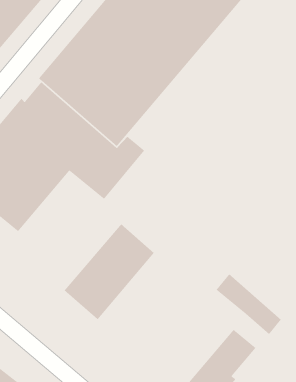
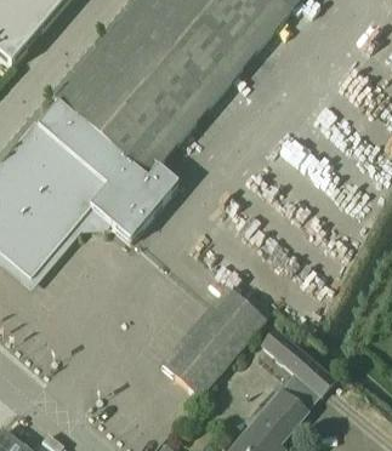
building: [63,223,155,320] -> [160,284,266,395]

